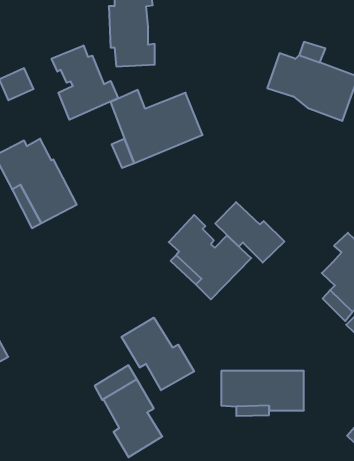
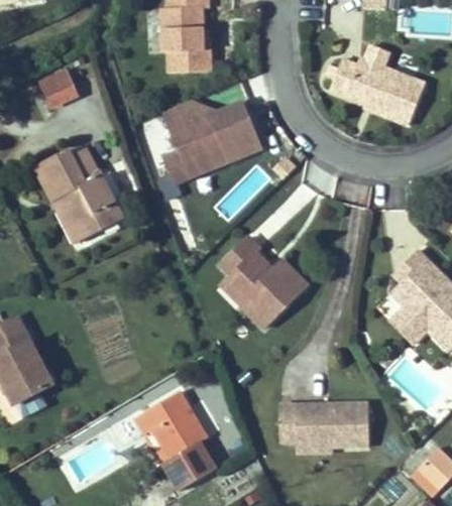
building: [52,45,118,120] -> none
building: [215,202,284,263] -> none
building: [122,318,194,390] -> none

